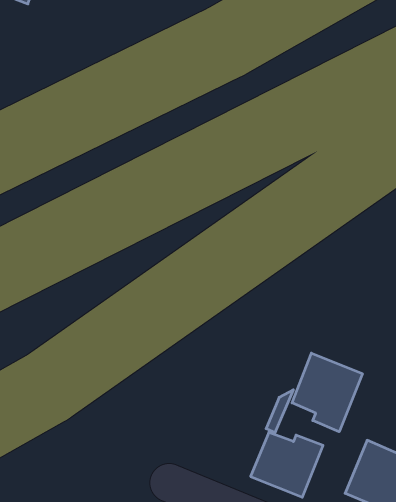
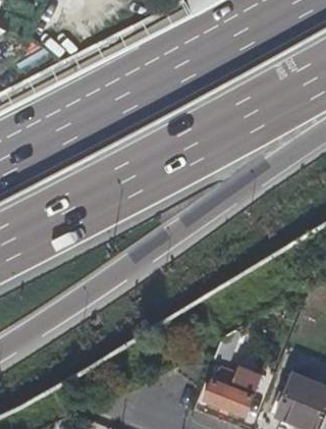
building: [292,353,362,432] -> none

